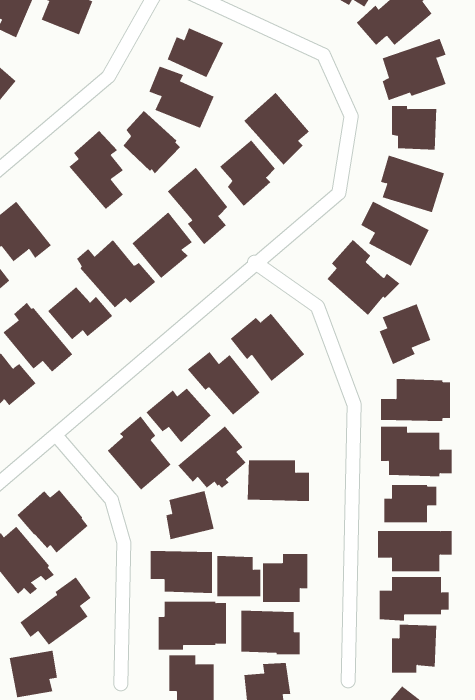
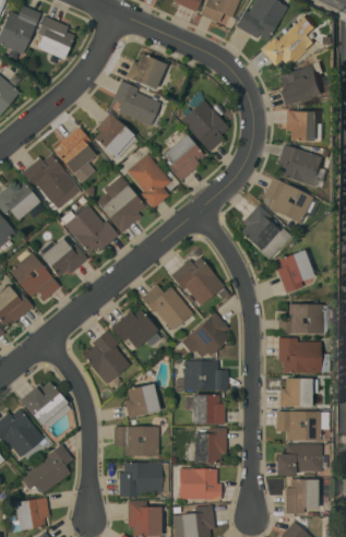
building: none -> [22,154,81,208]
building: [177,426,247,489] -> [181,312,230,357]
building: [217,555,261,597] -> [193,394,225,423]

